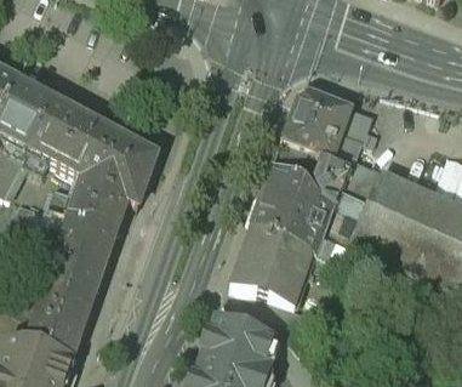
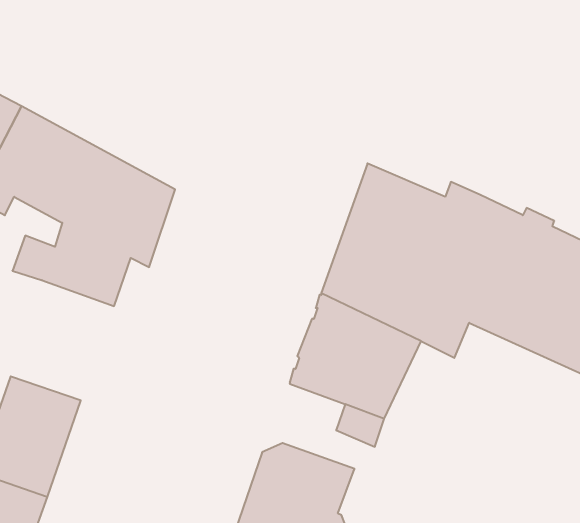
building: [283,86,373,156] -> none
building: [49,211,116,290] -> none

